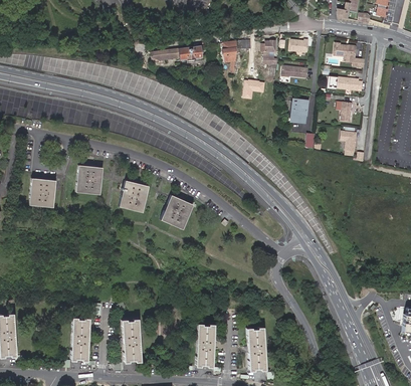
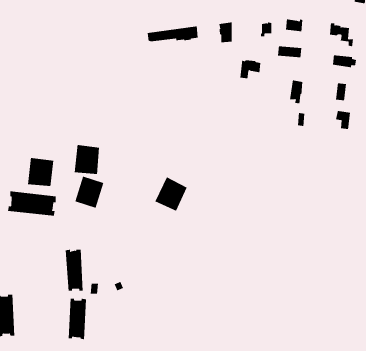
building: [119,181,149,214] -> [74,176,104,209]
building: none -> [8,191,56,217]
building: [122,320,141,362] -> [65,249,84,291]
building: [195,322,215,366] -> none
building: [245,326,264,369] -> none

